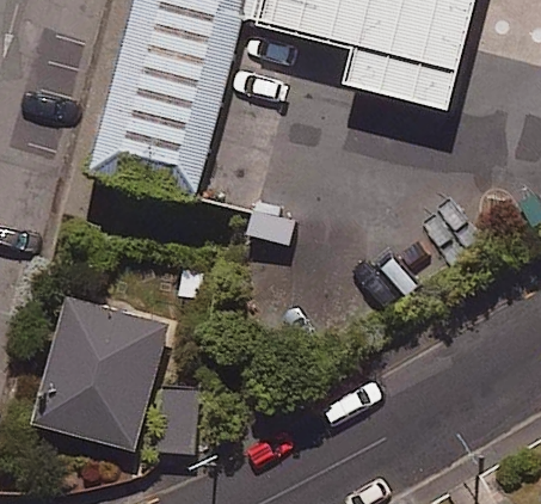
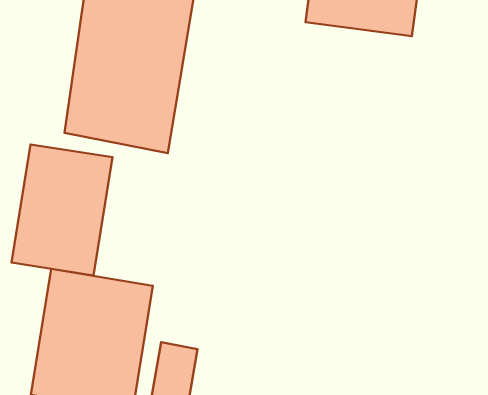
building: none -> [12,144,112,275]

